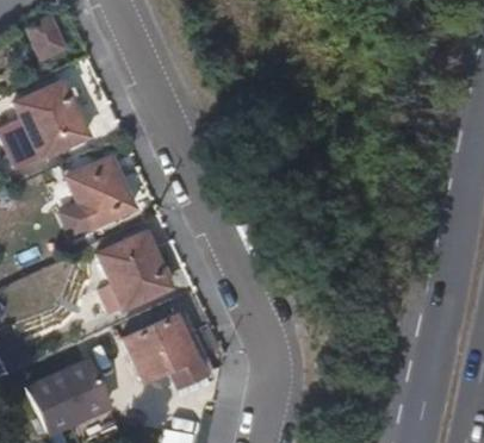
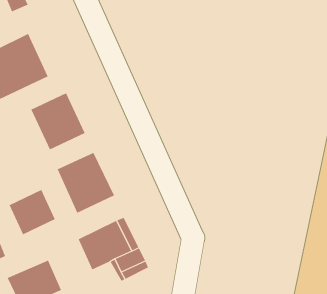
building: none -> [9,189,56,235]

